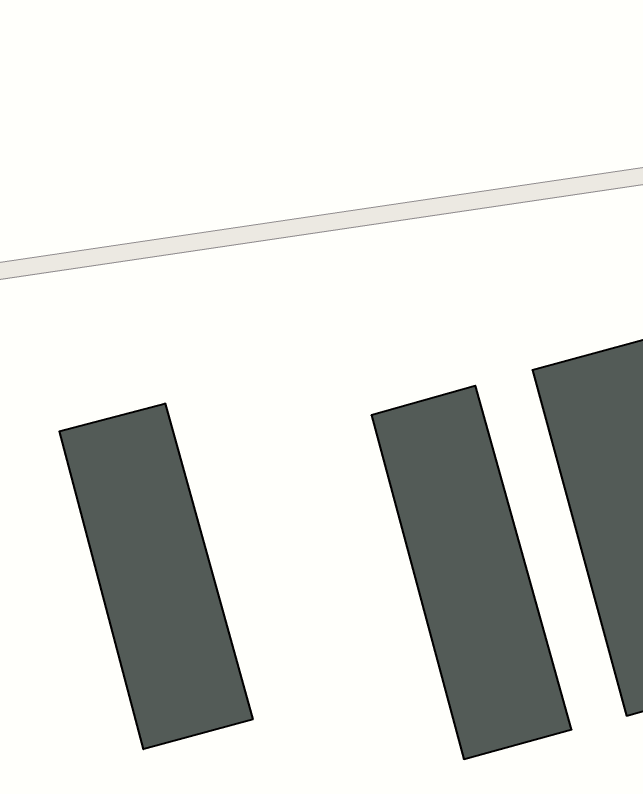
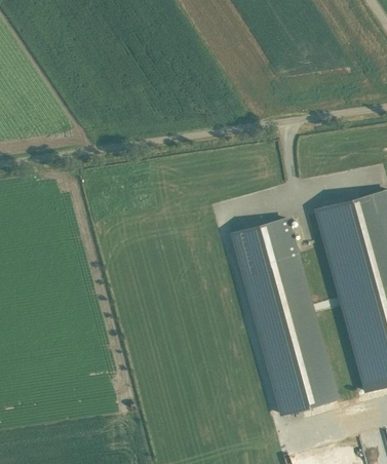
building: [59,403,253,749] -> none

